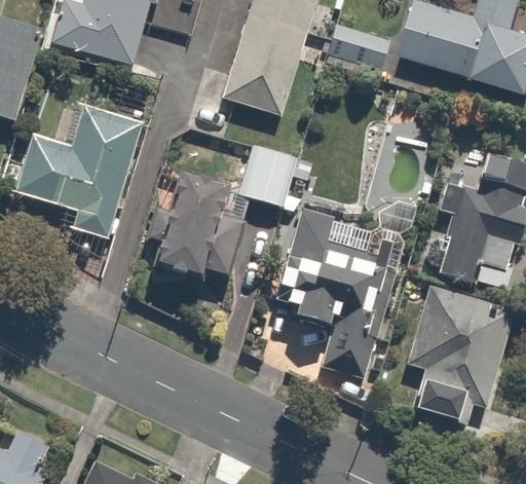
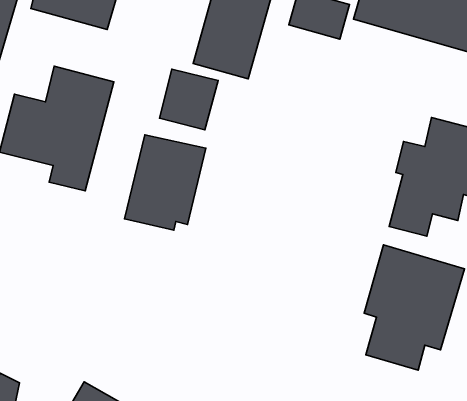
building: [239,144,302,209] -> [159,69,218,130]
building: [266,207,409,382] -> none

